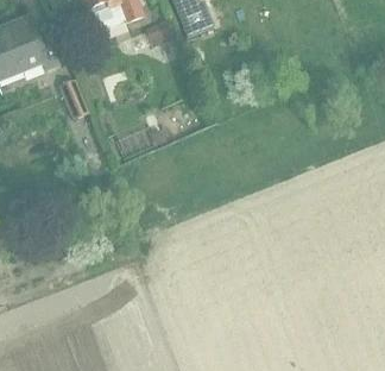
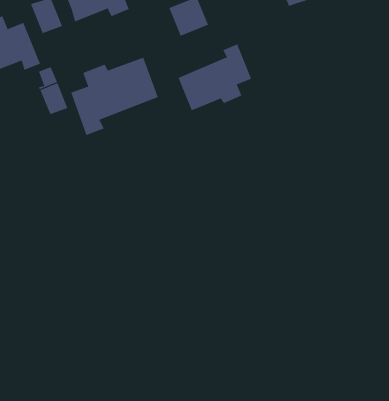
building: none -> [178,43,252,111]
building: none -> [70,57,159,136]

